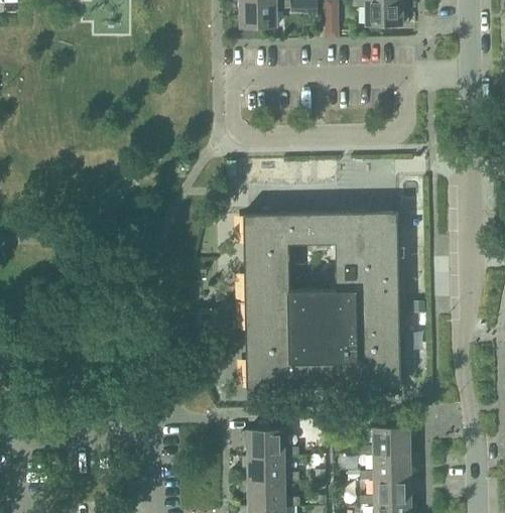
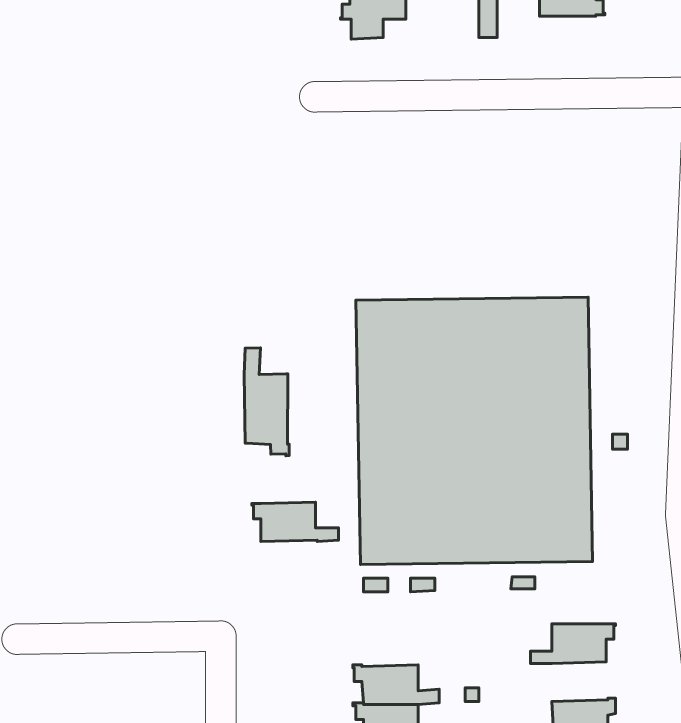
building: none -> [244,348,289,456]
building: [241,429,298,456] -> [252,502,338,542]
building: [359,452,415,479] -> none

